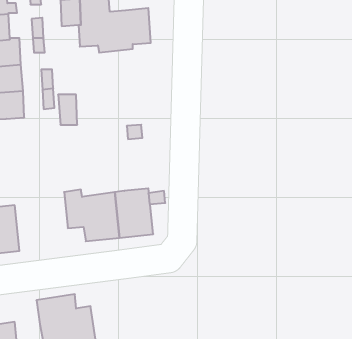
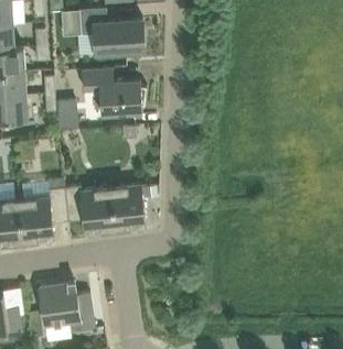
building: none -> [71,67,146,117]
building: none -> [19,187,67,241]

